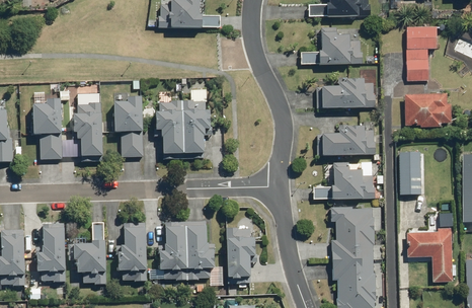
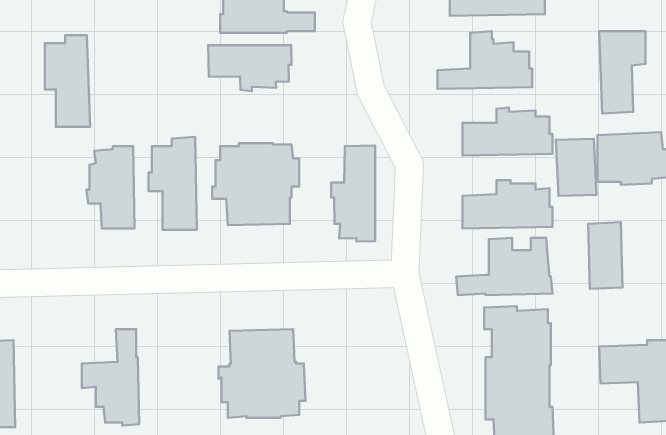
building: none -> [208,45,291,91]
building: none -> [556,139,596,196]
building: [32,98,62,158] -> [45,35,90,127]
building: none -> [331,145,375,242]
building: [35,220,65,281] -> none
building: [115,222,147,281] -> none
building: [226,227,254,283] -> none

